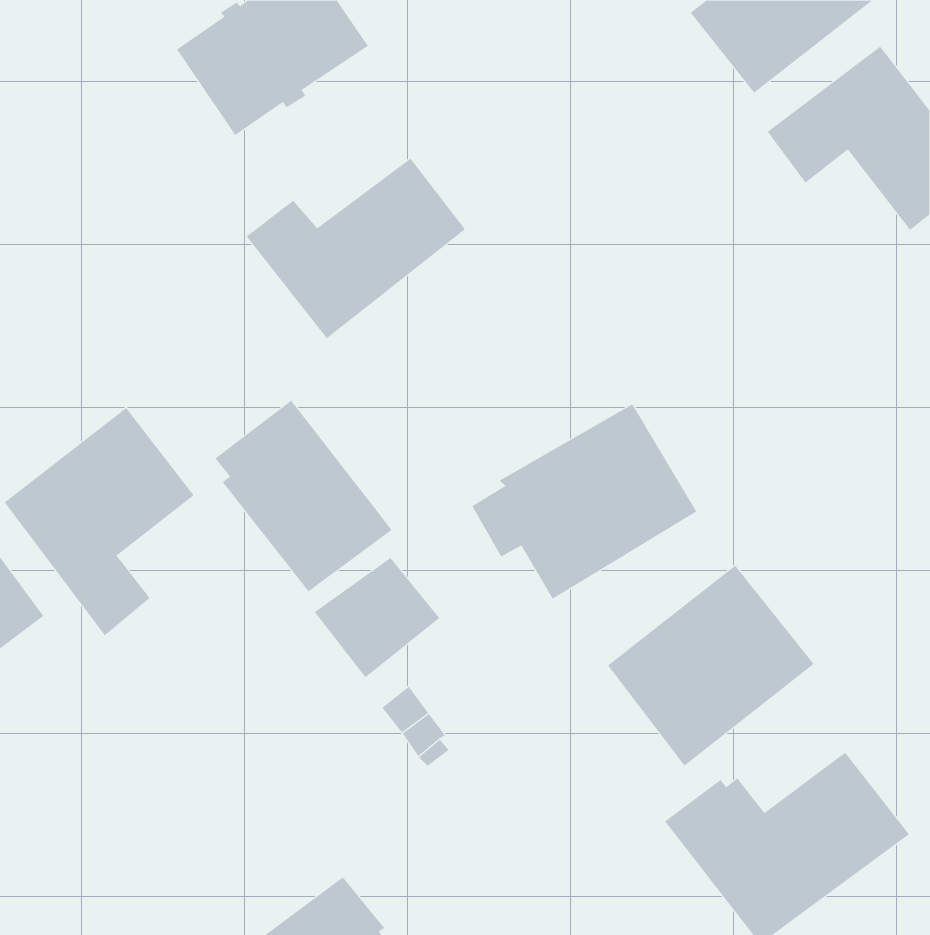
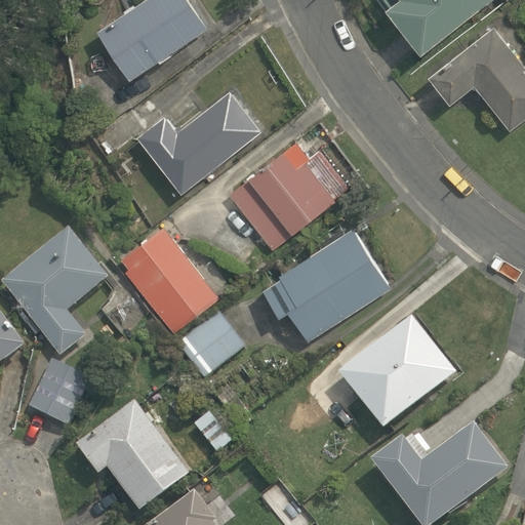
building: none -> [228,149,335,250]
building: none -> [28,360,89,427]
building: none -> [76,400,188,511]

